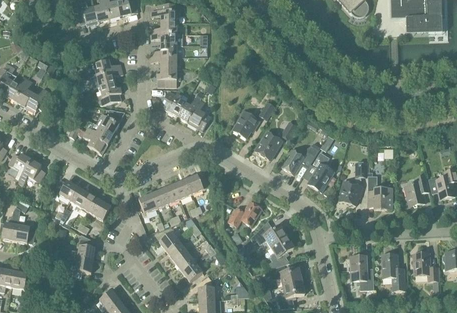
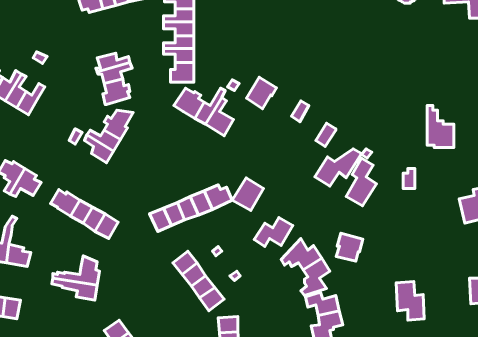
building: [233,111,259,138] -> [246,77,277,109]
building: [255,131,282,159] -> [232,178,264,210]
building: [369,172,392,208] -> [427,106,454,148]
building: [340,180,363,204] -> [336,233,363,261]
building: [382,254,408,290] -> none

